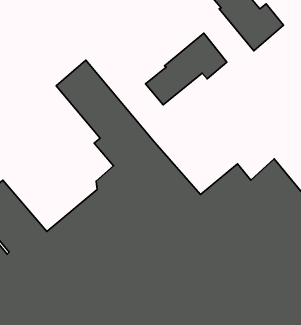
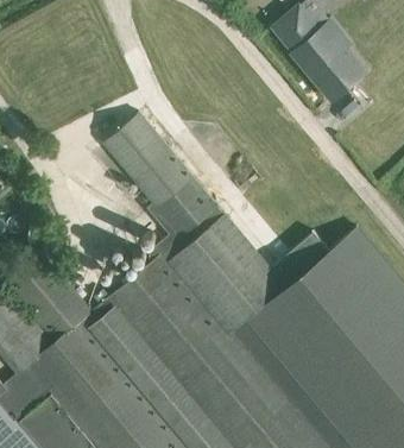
building: [145,33,227,105] -> none

